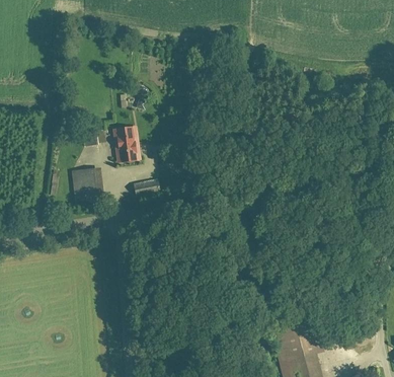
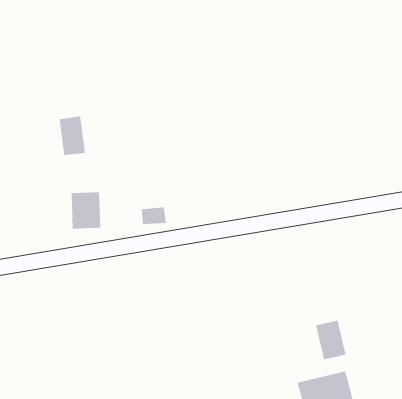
building: [116,127,140,161] -> [59,116,86,156]
building: none -> [315,320,346,360]

